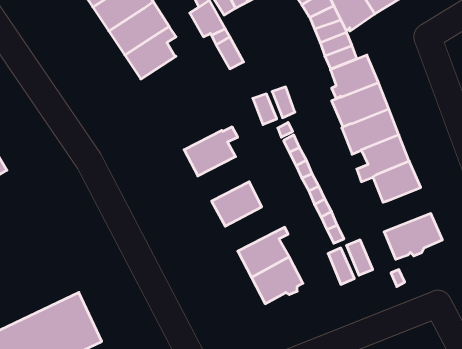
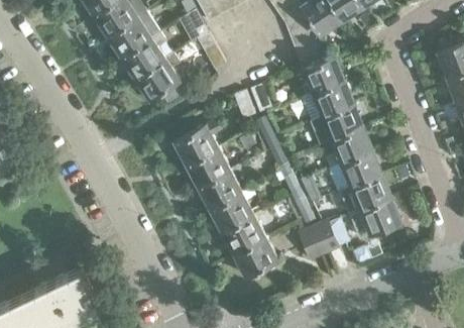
building: none -> [135,53,193,105]
building: none -> [186,148,231,188]
building: none -> [339,176,391,216]
building: none -> [210,189,256,232]

